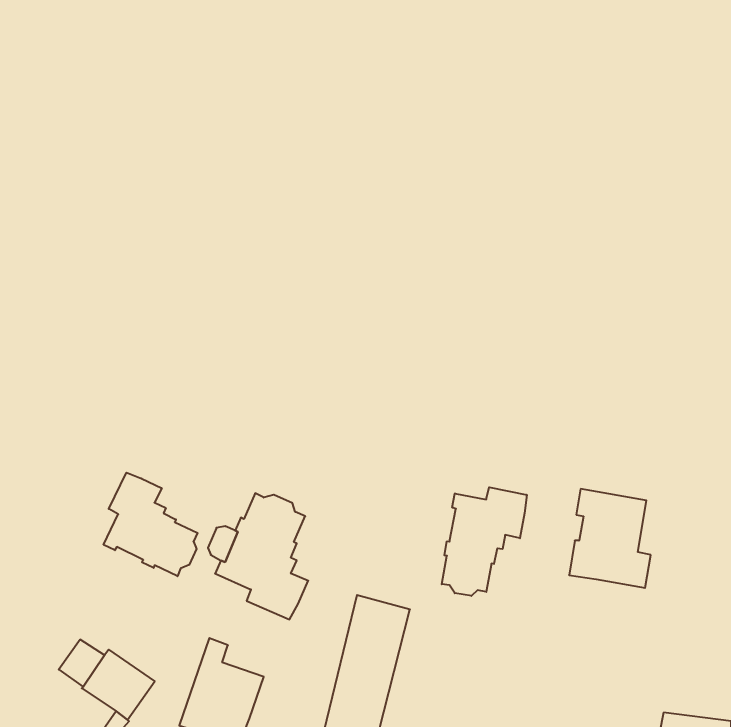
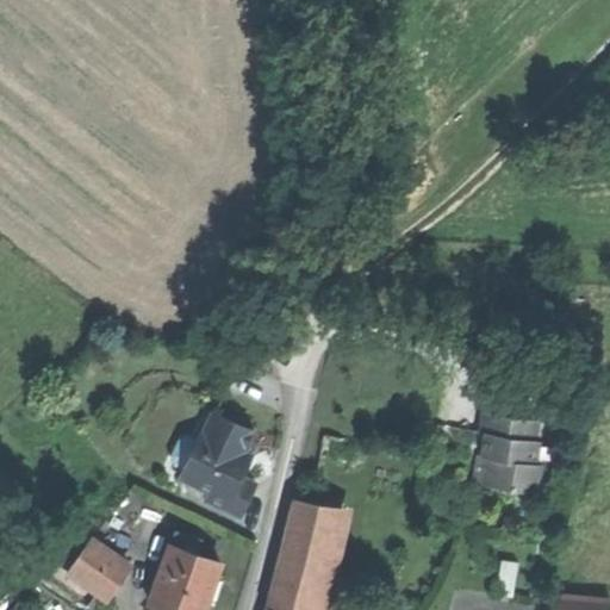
building: [104,473,198,576] -> none
building: [442,487,527,596] -> none

